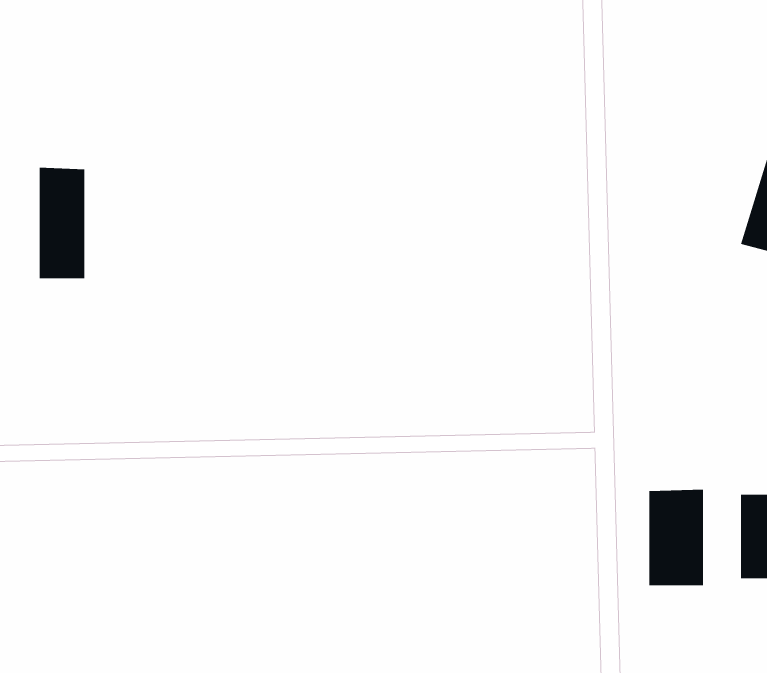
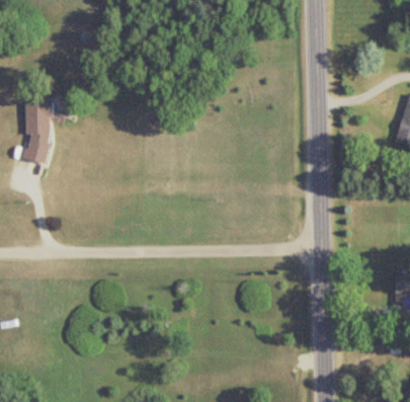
building: [649,489,703,586] -> none

